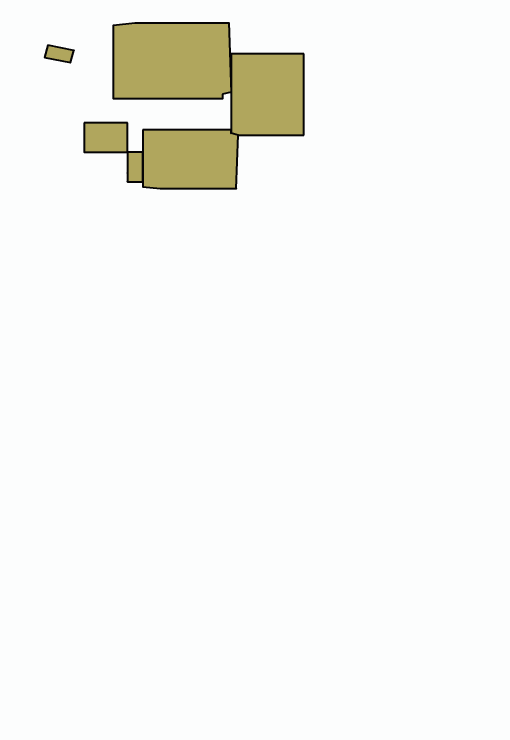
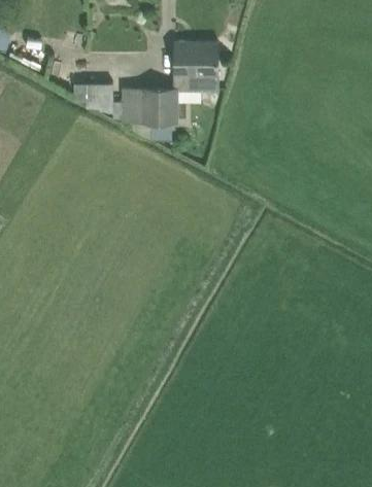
building: [113,23,231,99] -> none

